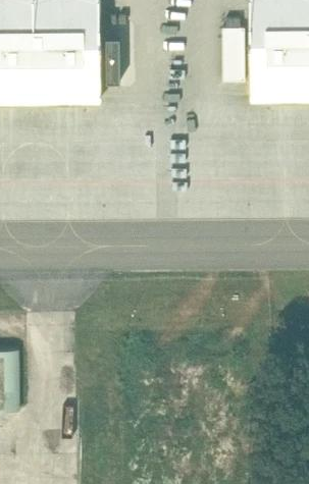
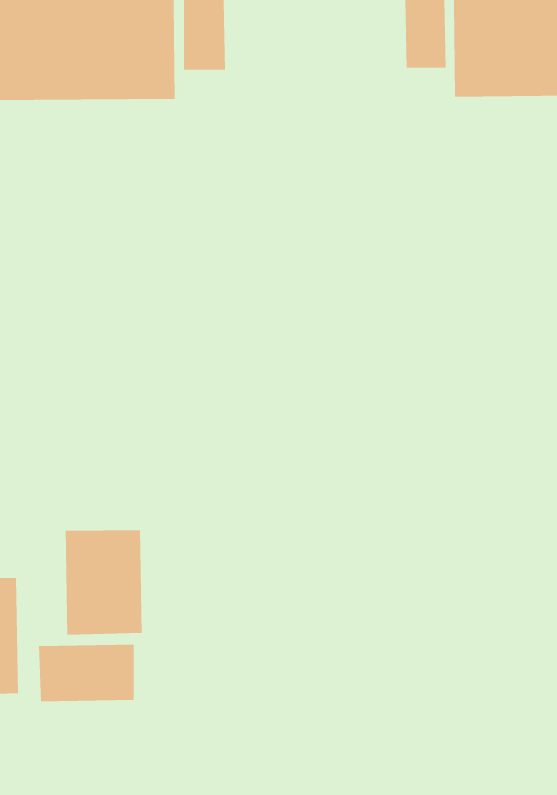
building: none -> [65,529,142,636]
building: none -> [38,644,134,702]

